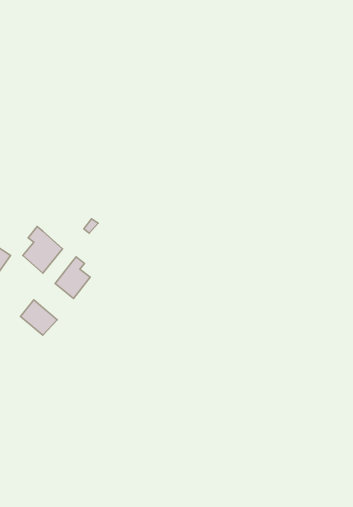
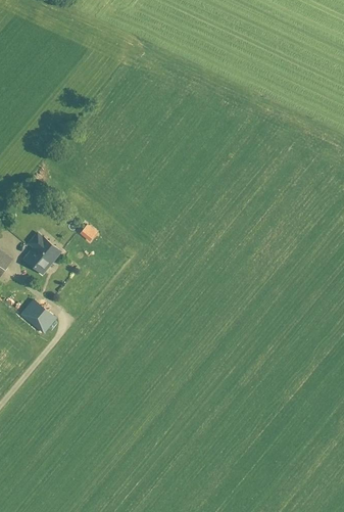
building: [55,257,90,299] -> none

